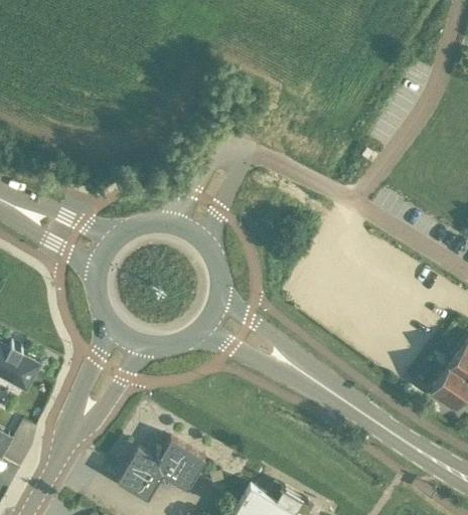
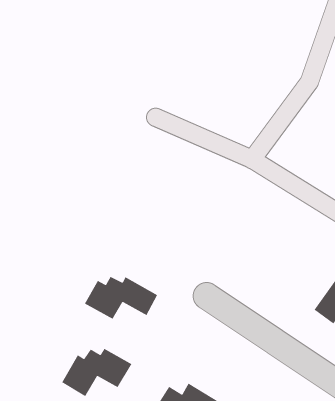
building: none -> [84,276,158,320]

